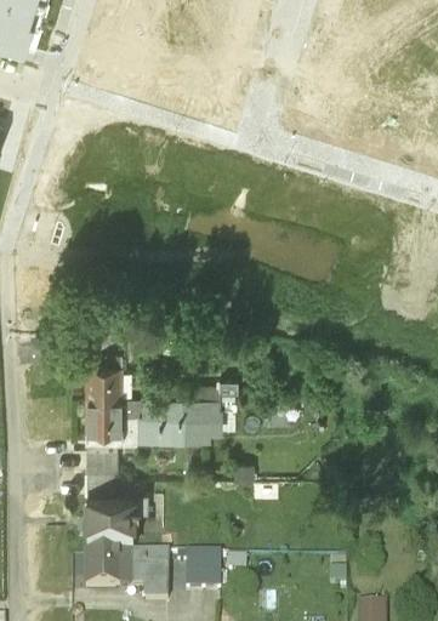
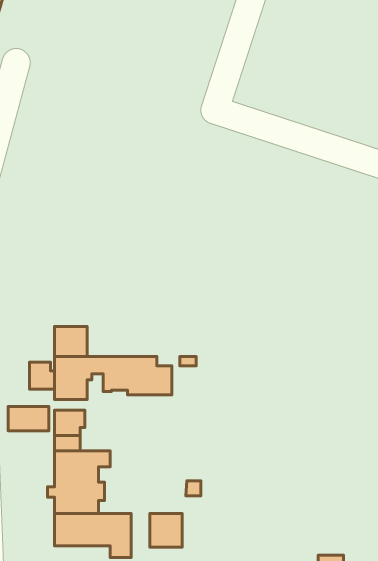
building: none -> [29,362,55,389]
building: none -> [8,406,49,431]

